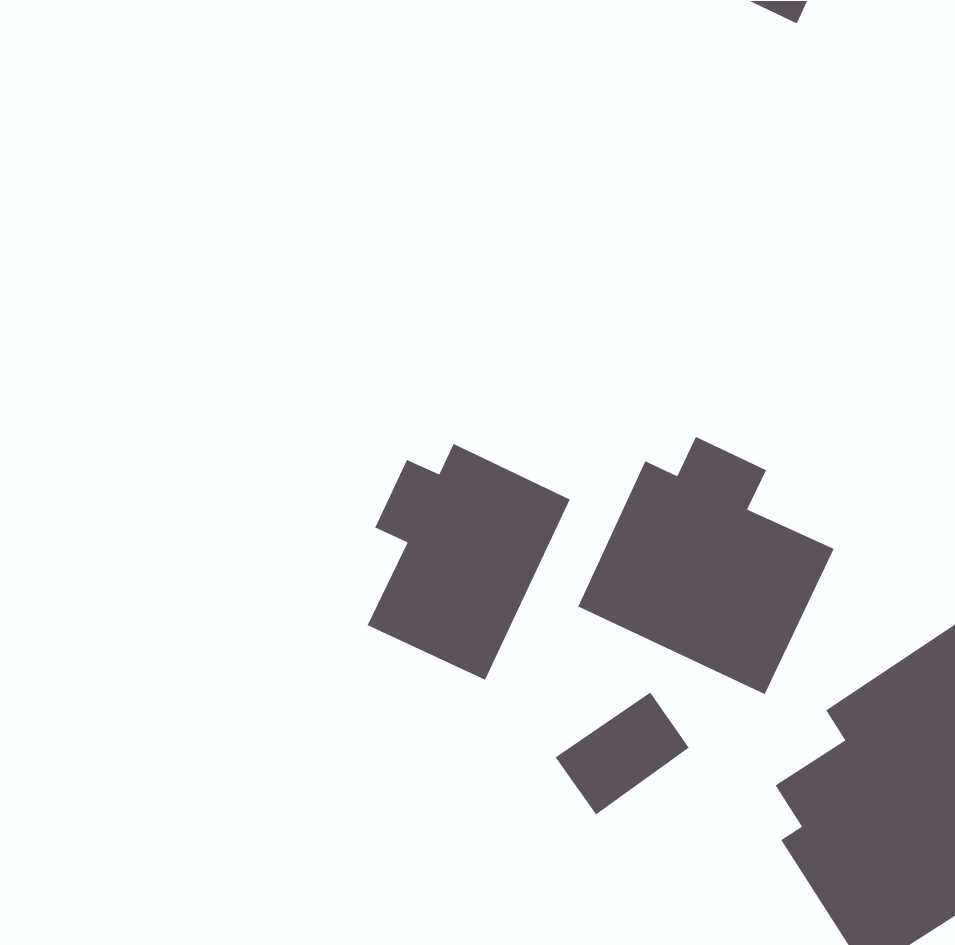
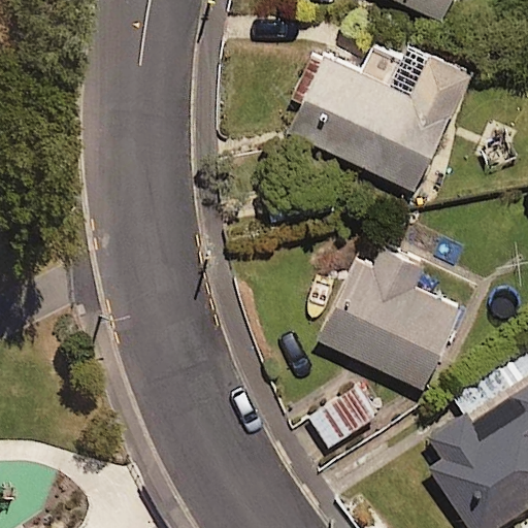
building: none -> [289,45,470,192]
building: [367,443,571,681] -> none

